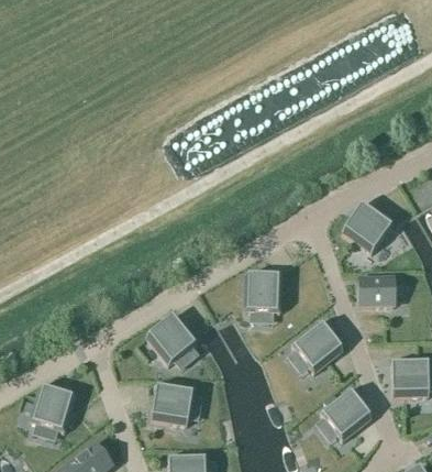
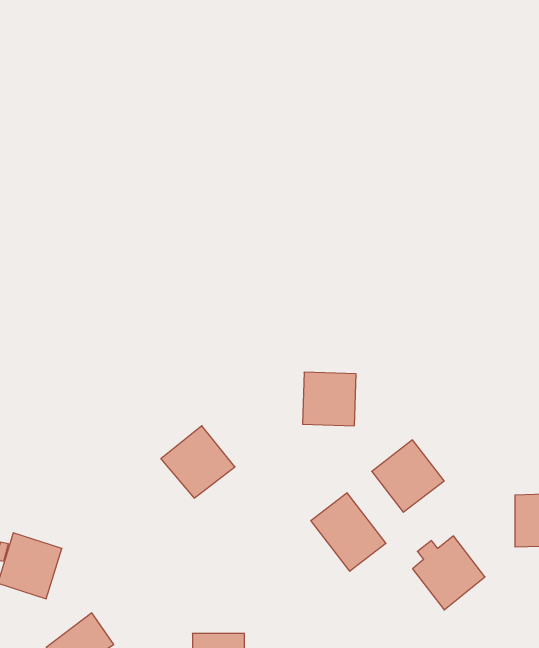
building: [343,201,394,252] -> none
building: [359,278,395,306] -> none
building: none -> [311,493,386,571]
building: [152,383,193,425] -> none

